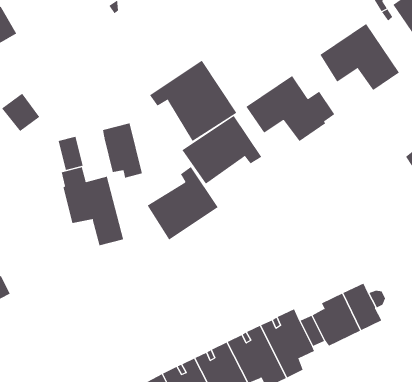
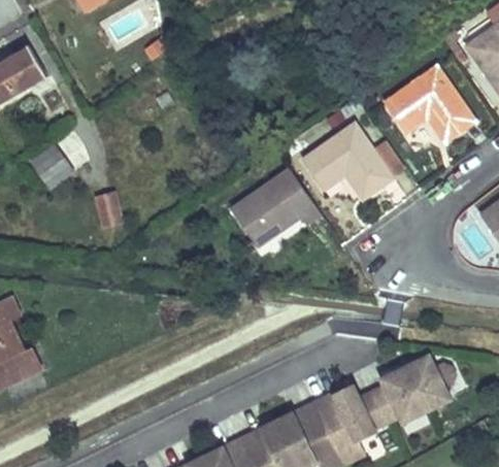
building: [149,60,237,142] -> none
building: [103,122,143,178] -> none
building: [147,166,218,240] -> none
building: [61,166,124,246] -> none

